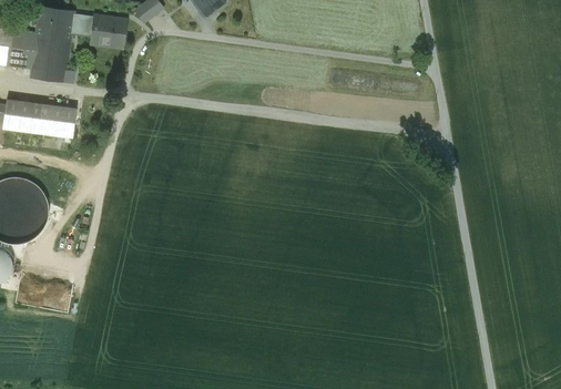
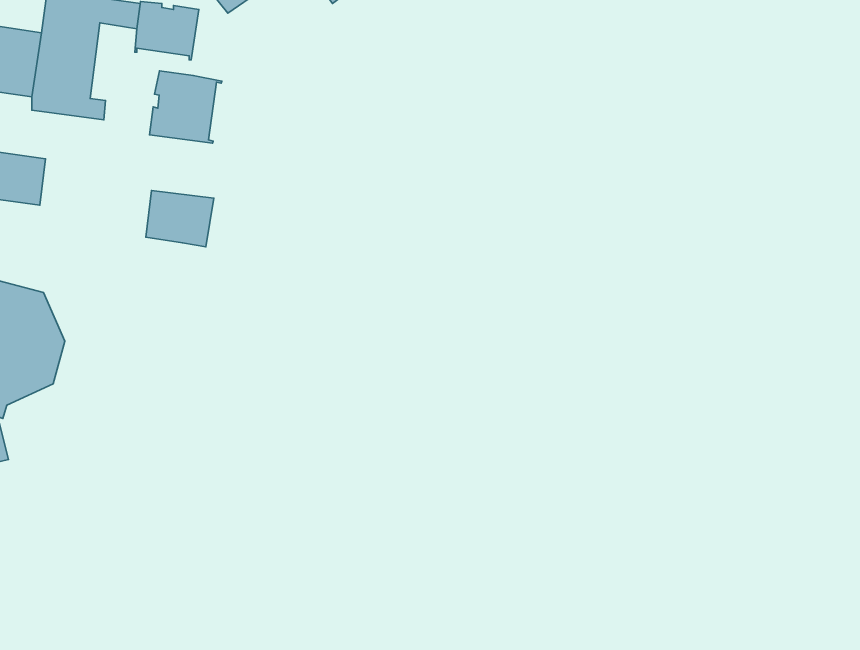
building: none -> [150,71,222,143]
building: [35,104,74,136] -> [146,190,214,247]

